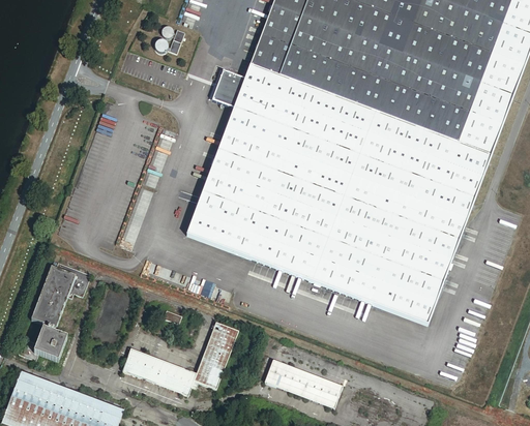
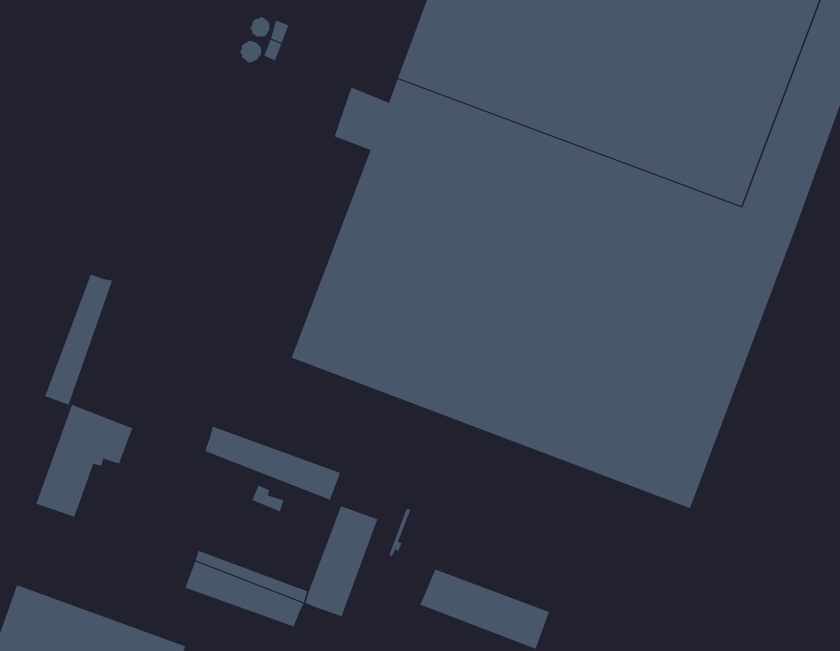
building: none -> [45,274,113,406]
building: none -> [204,426,341,500]
building: [18,329,66,361] -> none

